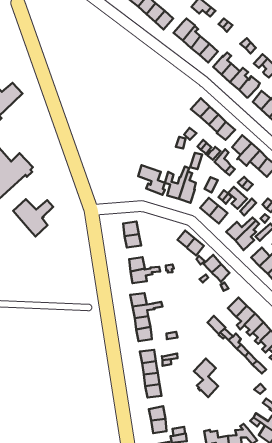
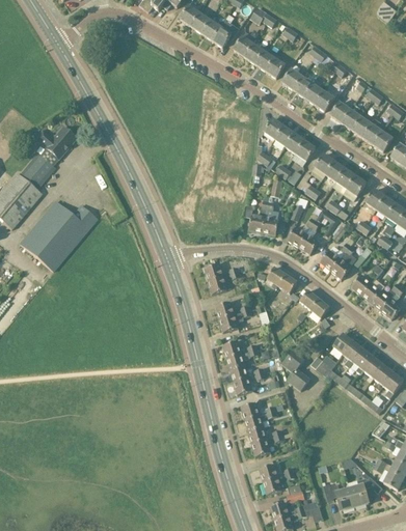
building: [138,165,165,195] -> none
building: [13,199,53,237] -> none
building: [194,358,218,397] -> [281,350,310,392]

